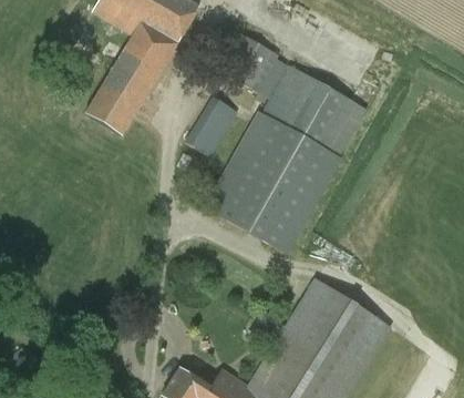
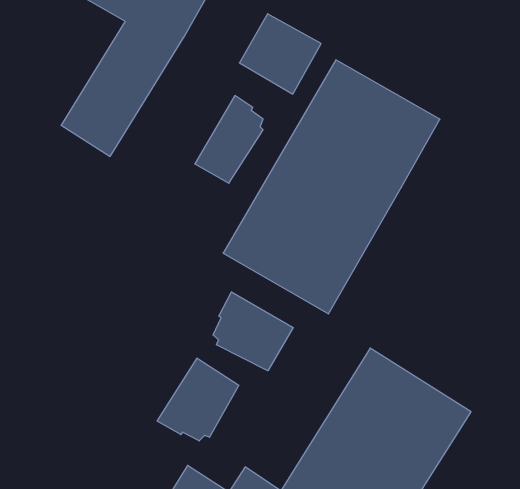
building: none -> [213,292,293,371]
building: none -> [157,358,239,441]

